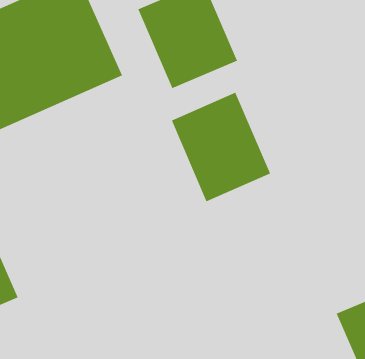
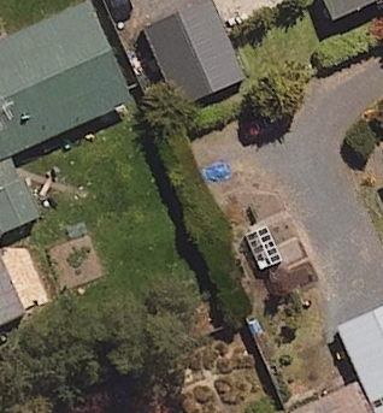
building: [171,92,271,202] -> none

